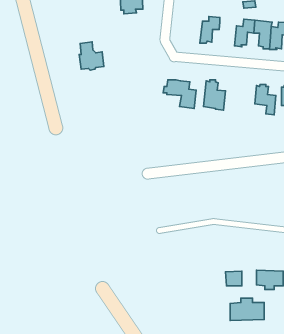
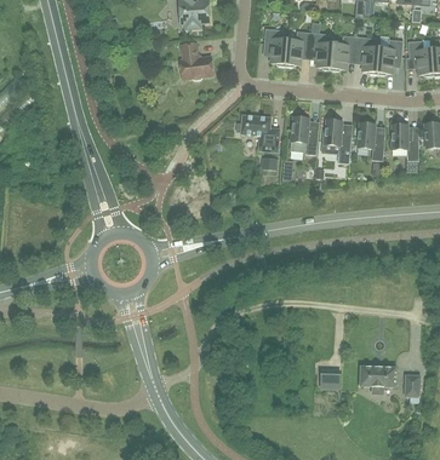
building: none -> [264,27,288,65]
building: none -> [310,31,335,69]
building: [79,42,104,70] -> [181,41,213,79]
building: none -> [322,116,352,162]
building: [230,298,264,321] -> none

